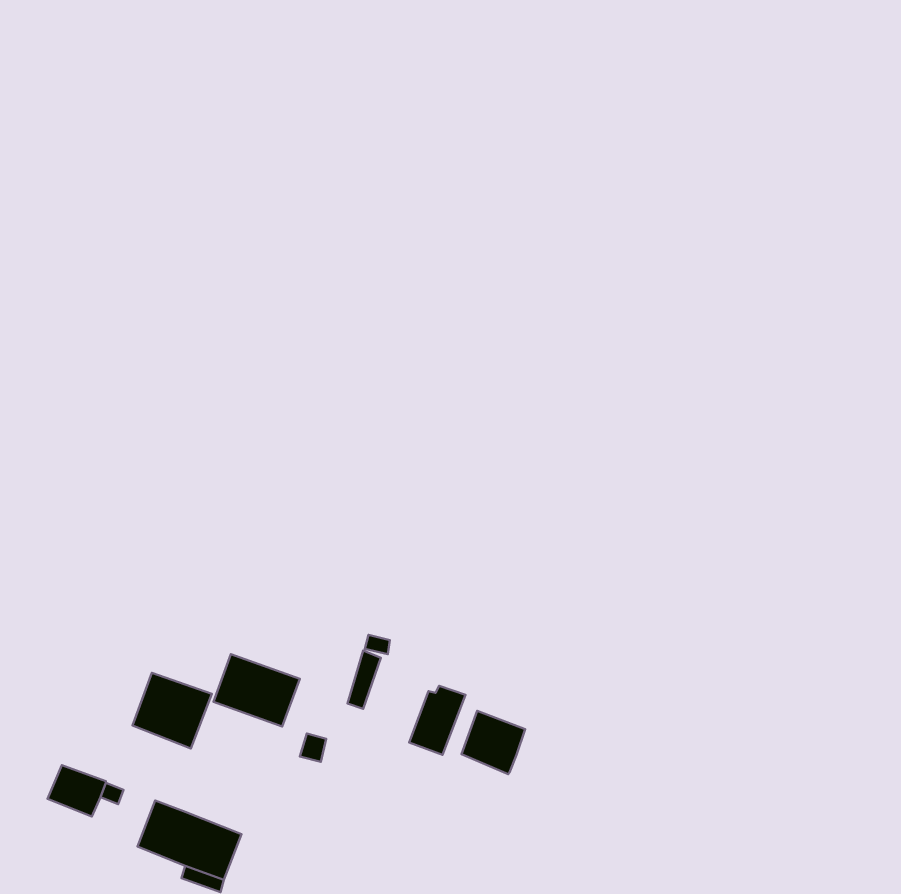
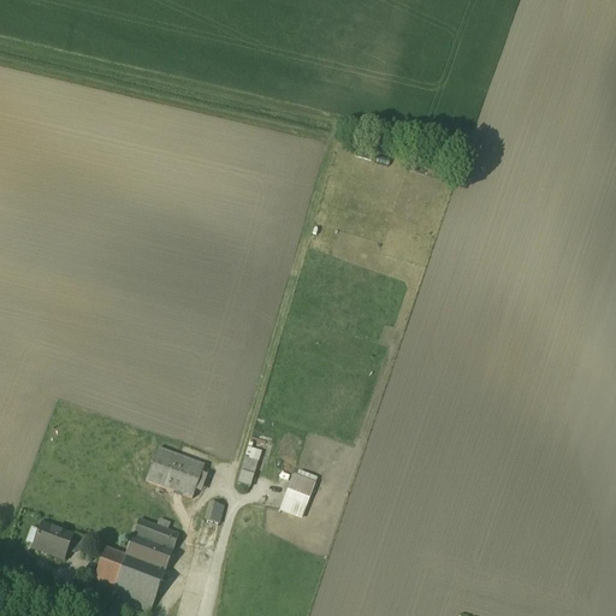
building: [133,673,212,749] -> [125,517,179,569]
building: [461,711,525,774] -> none

